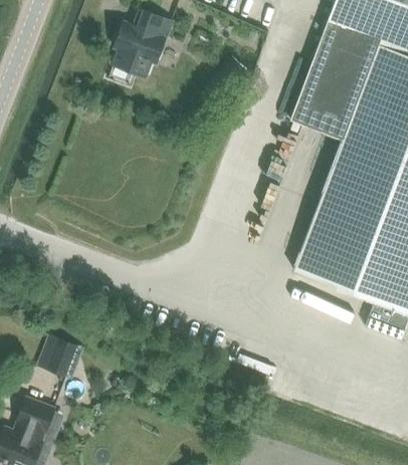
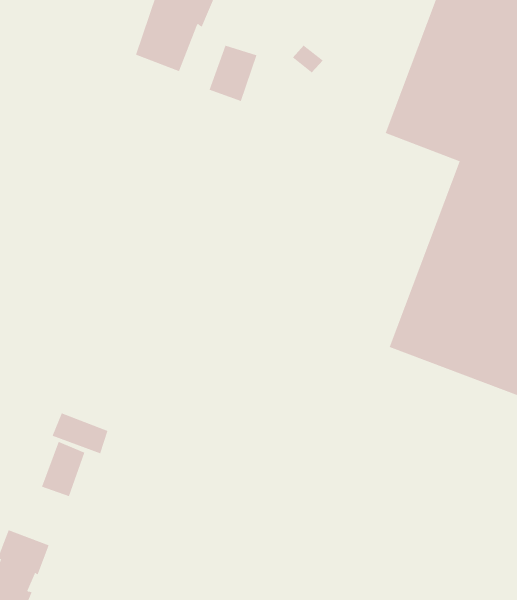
building: none -> [209,45,257,102]
building: none -> [52,412,108,454]

